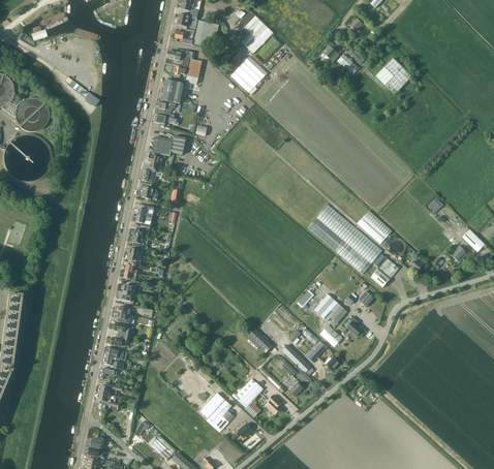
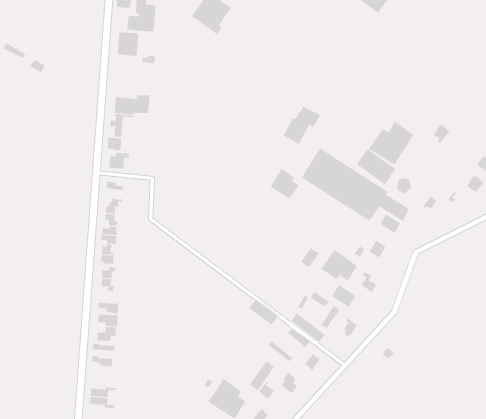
building: [153,101,180,126] -> none
building: none -> [283,106,321,145]
building: none -> [368,121,414,166]
building: none -> [270,168,299,199]

